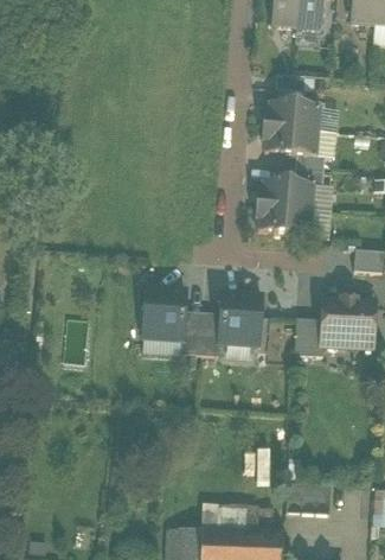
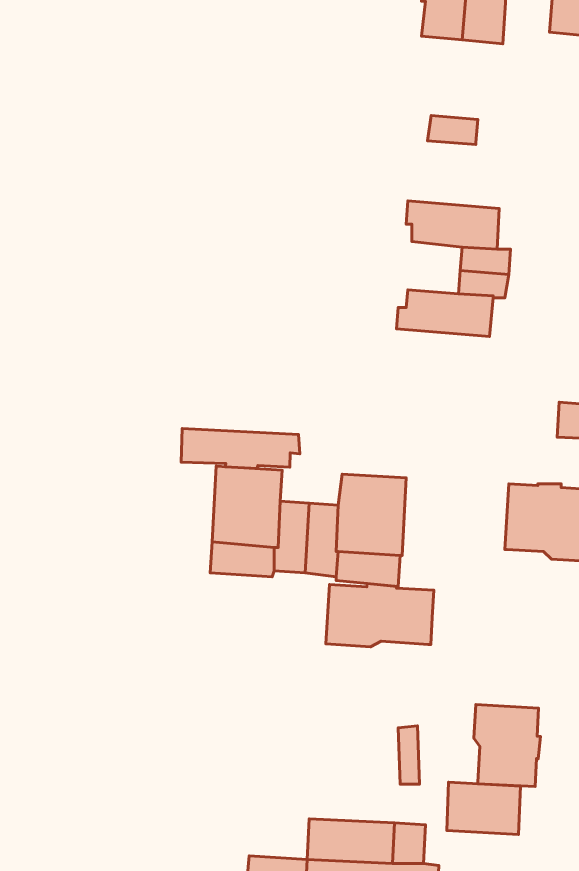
building: [263,102,321,131] -> none
building: [255,204,313,235] -> none
building: none -> [181,428,300,469]
building: [295,318,323,355] -> none
building: none -> [326,584,434,647]
building: none -> [474,705,540,787]

